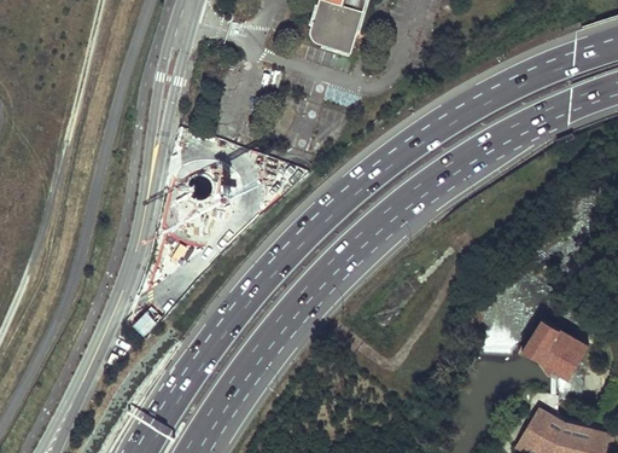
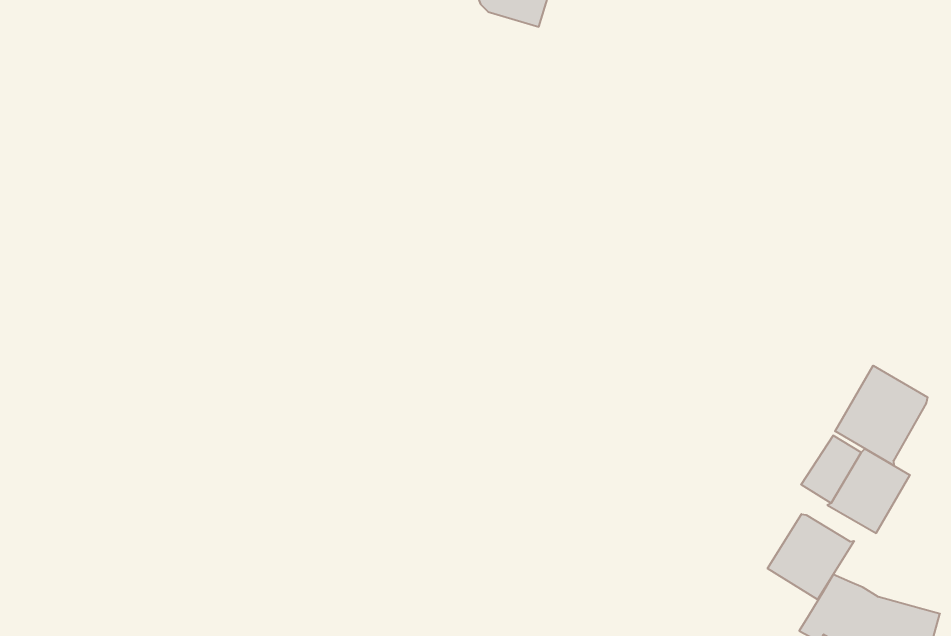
building: none -> [835,366,928,466]
building: none -> [768,514,854,599]

